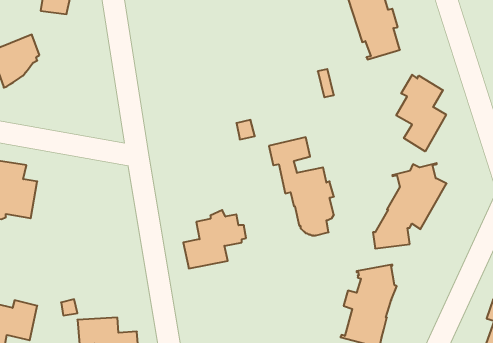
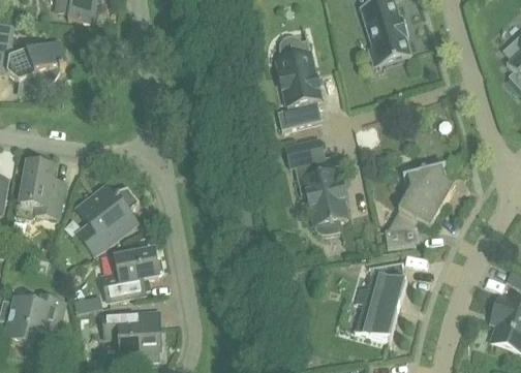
building: none -> [276,36,321,128]
building: [396,75,446,151] -> none
building: none -> [78,183,140,254]
building: [183,210,246,268] -> [102,244,162,300]

